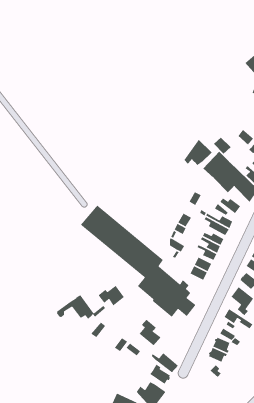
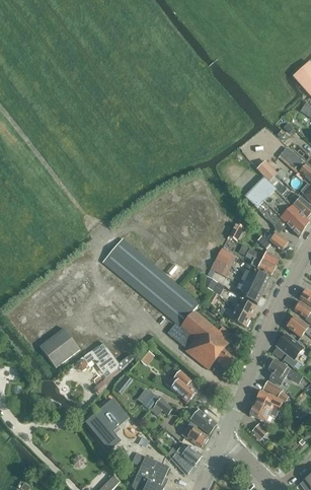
building: [184,139,212,166] -> none
building: none -> [40,328,80,367]
building: [97,285,125,306] -> none
building: none -> [86,399,129,450]

